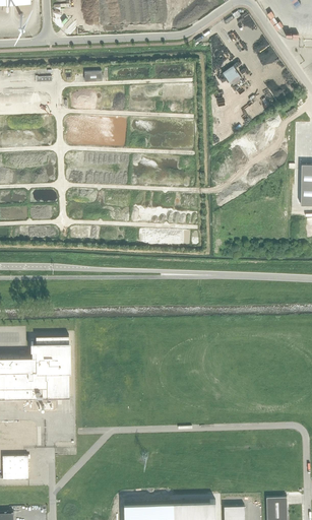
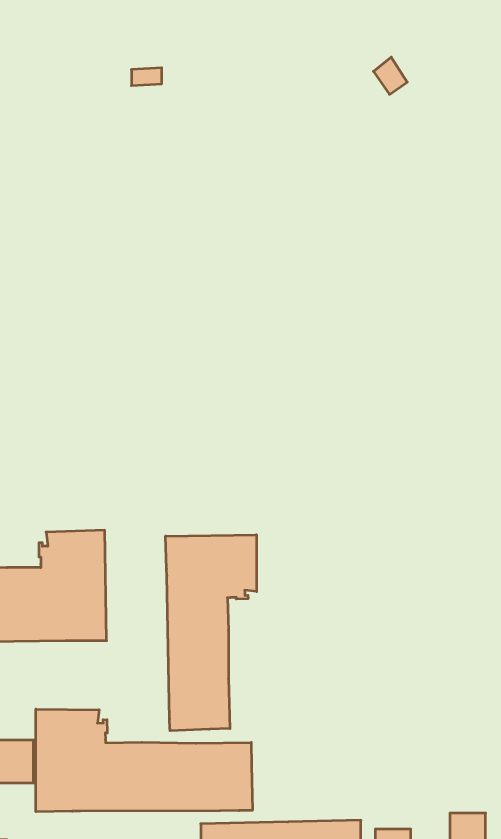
building: none -> [166,535,257,731]
building: none -> [36,709,252,812]

